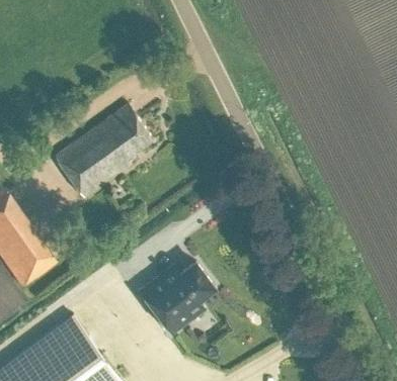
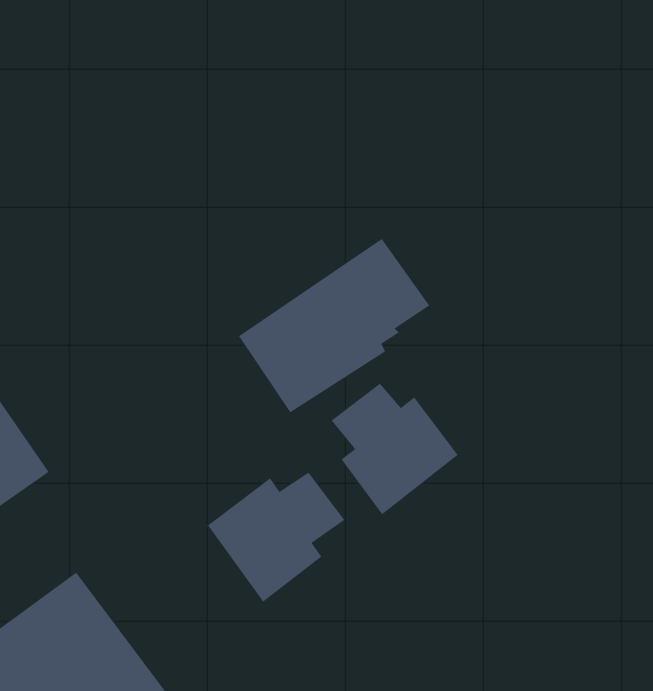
building: [54,106,155,198] -> [238,238,430,413]
building: none -> [331,383,458,515]

